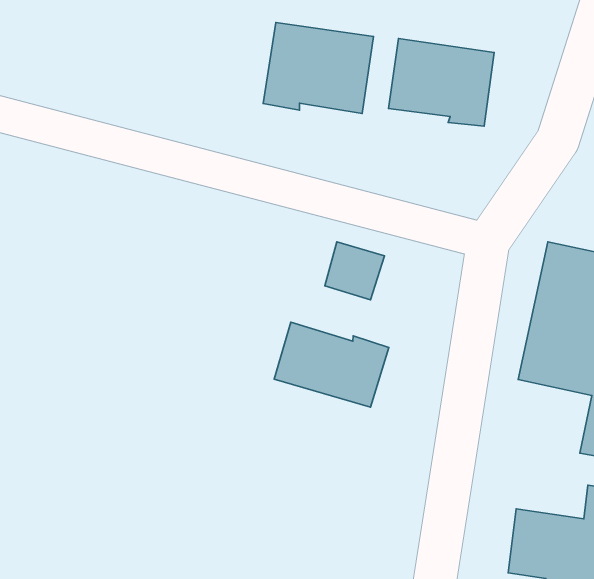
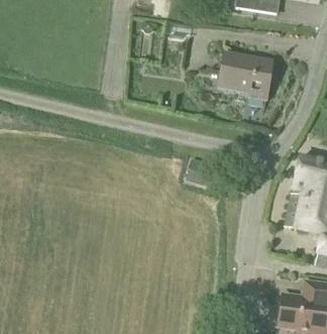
building: [263,22,374,113] -> none
building: [274,322,389,407] -> none

